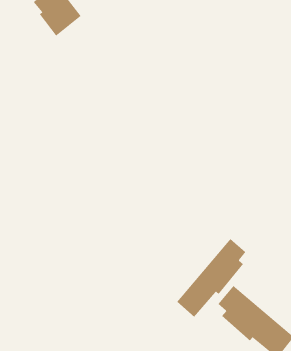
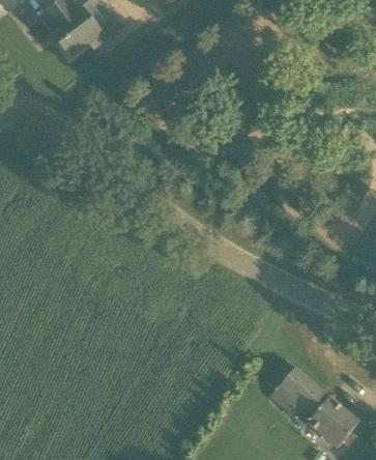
building: [177,238,246,318] -> none

